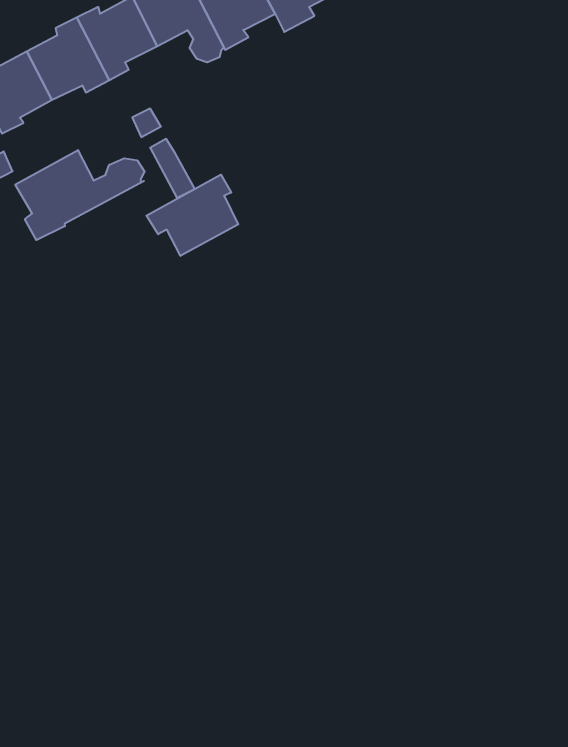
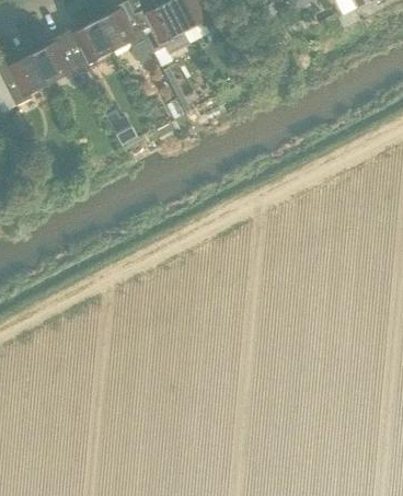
building: [15,150,145,240] -> none
building: [146,175,238,256] -> none

